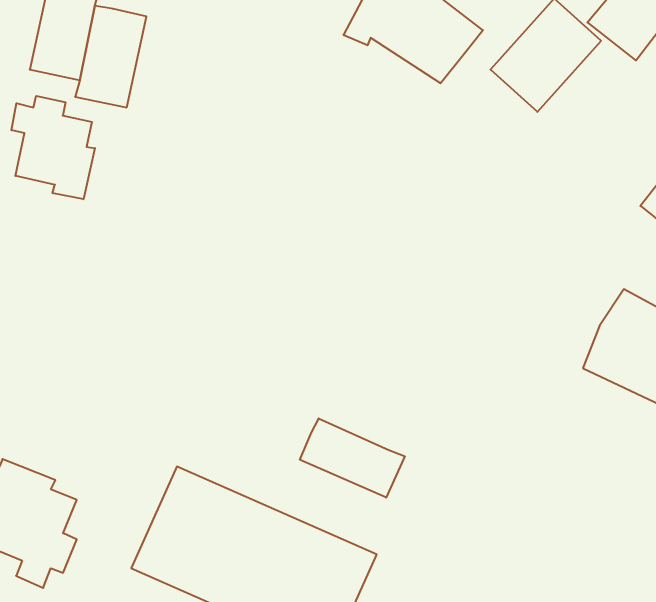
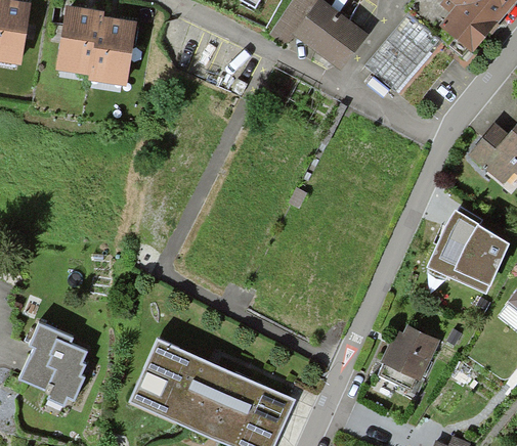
building: [11,96,95,199] -> none
building: [300,418,405,498] -> none
building: none -> [387,327,441,381]

